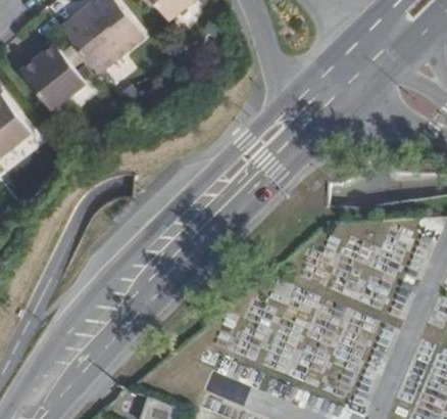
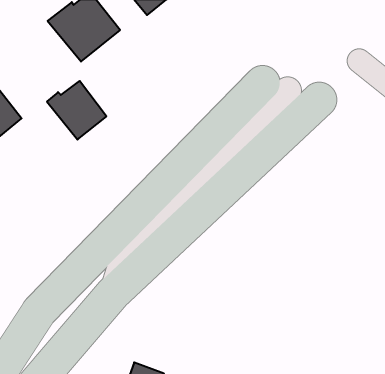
building: [18,45,84,109] -> [47,81,106,140]

